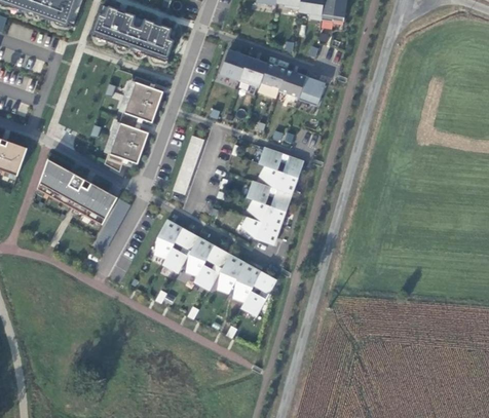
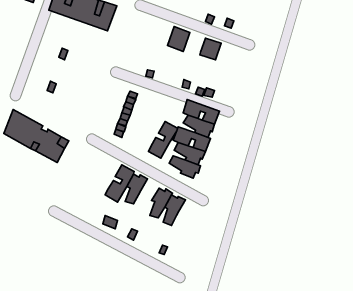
building: [219,48,247,79] -> none
building: [260,63,286,87] -> none
building: [104,76,162,172] -> none
building: [297,76,325,105] -> none
building: [154,221,182,258] -> none
building: [193,244,229,290] -> [148,122,178,158]
building: [240,270,276,316] -> none

